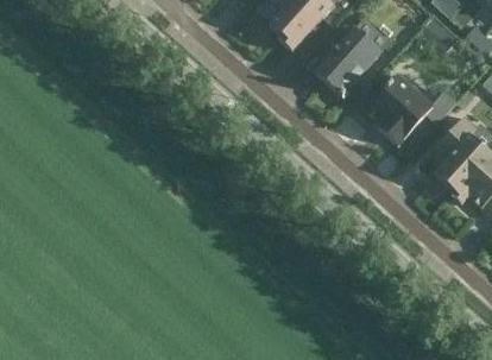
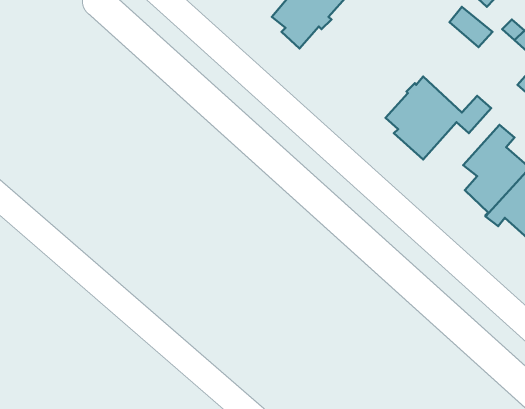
building: [315,26,380,96] -> none

